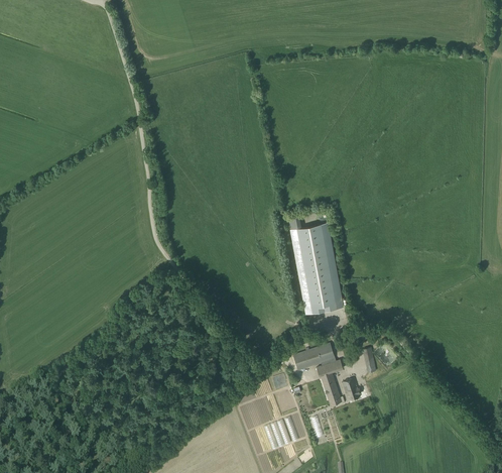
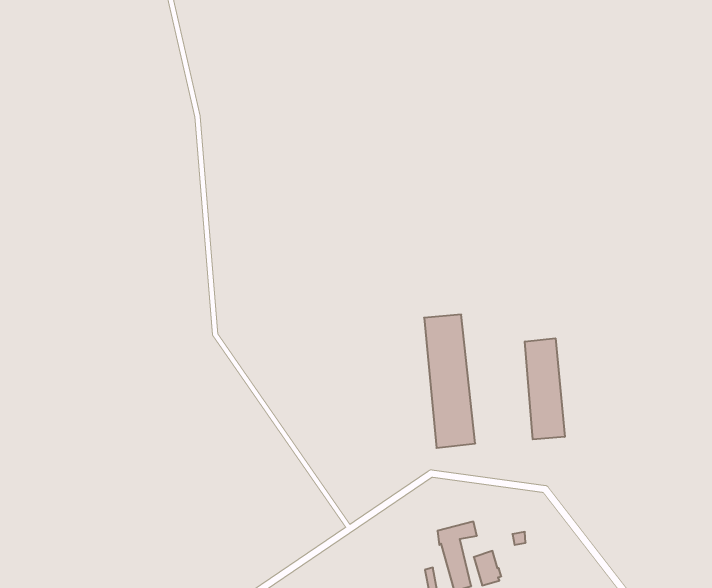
building: none -> [525,338,565,439]
building: [293,342,336,370] -> none

